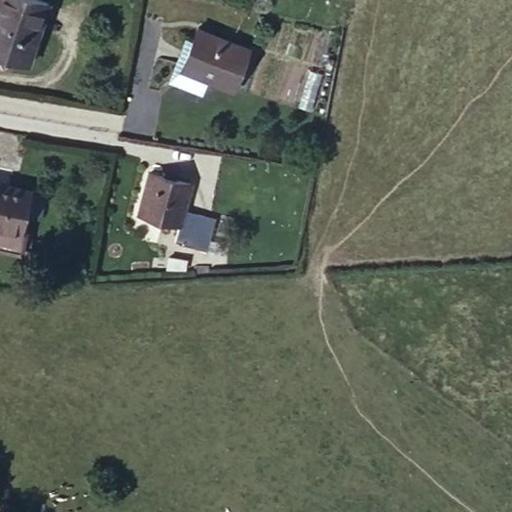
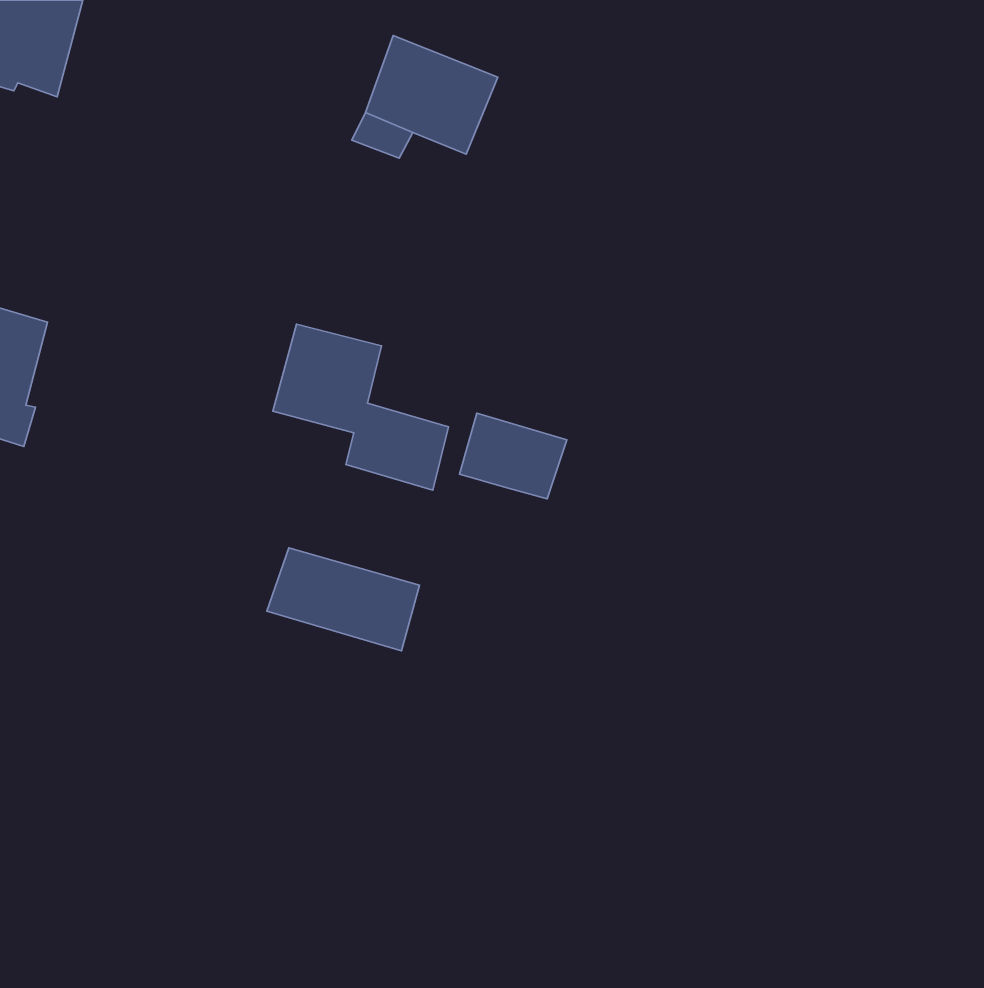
building: none -> [460,413,567,499]
building: none -> [267,548,419,651]

